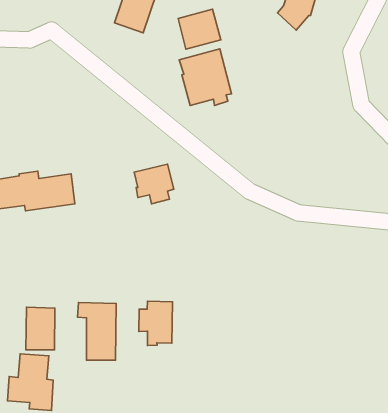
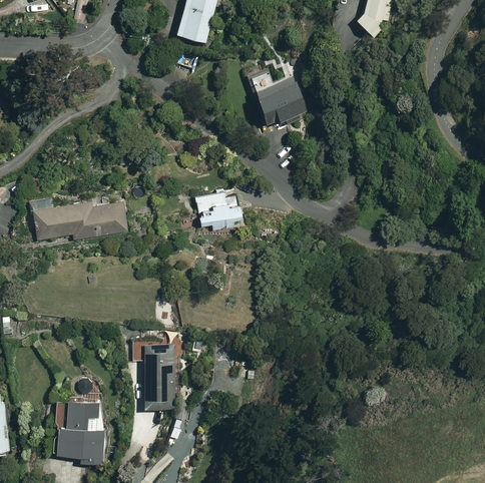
building: [178,9,221,49] -> none
building: [139,301,172,346] -> none
building: [26,307,55,350] -> none

